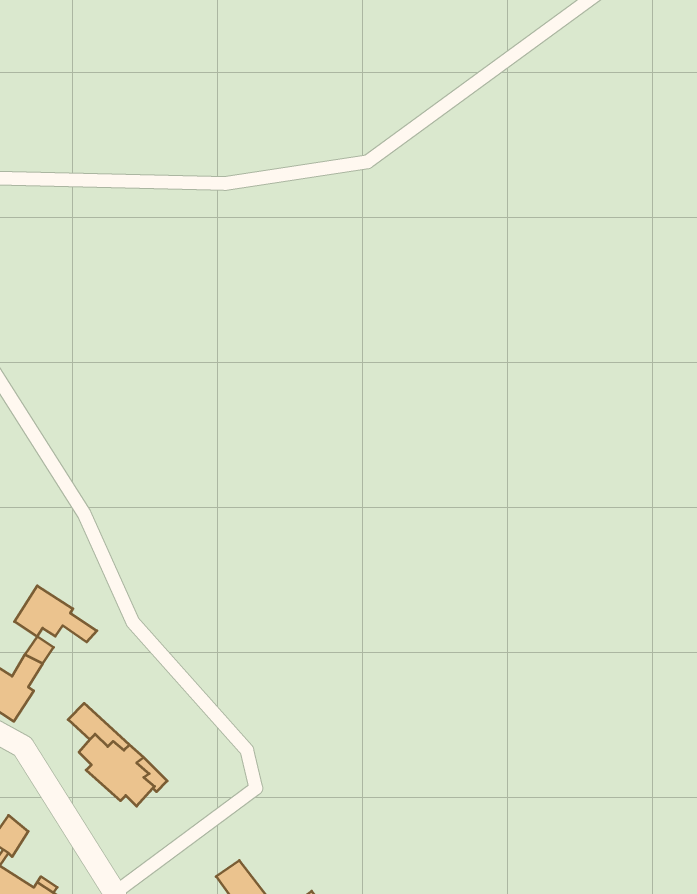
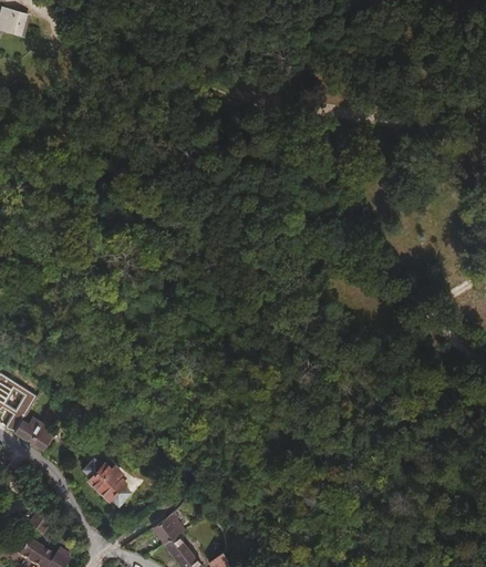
building: [14,586,97,642] -> none
building: none -> [152,514,186,546]

